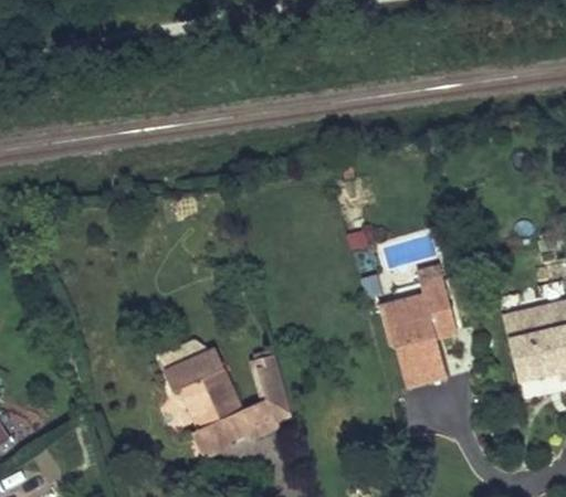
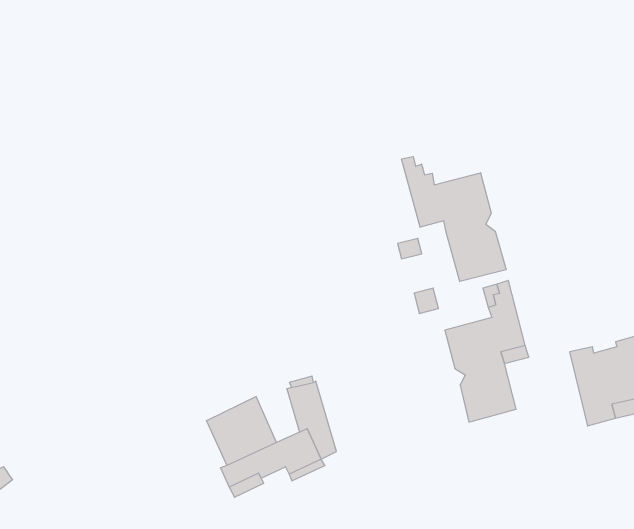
building: none -> [402,157,506,282]
building: [165,345,222,389] -> none

